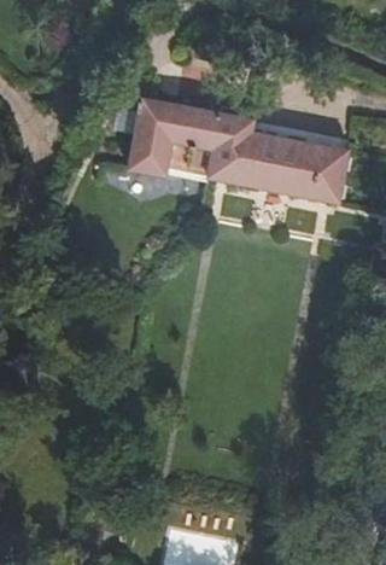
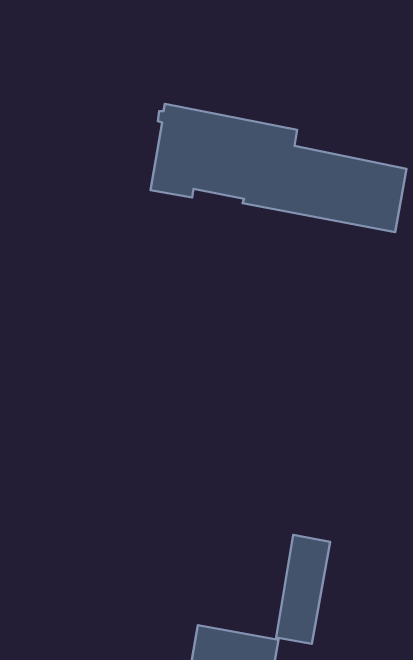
building: none -> [276,535,330,644]

